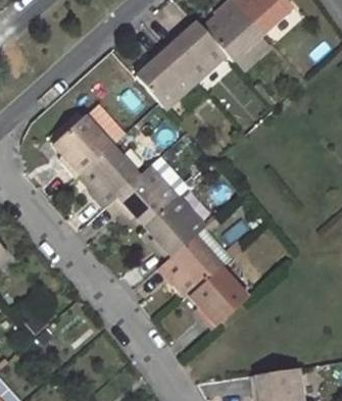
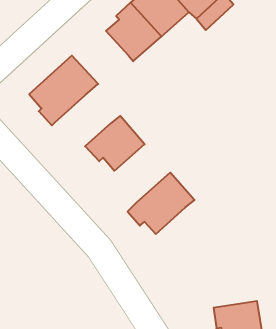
building: [80,144,140,207] -> none
building: [144,197,204,260] -> none
building: [189,265,248,329] -> none

